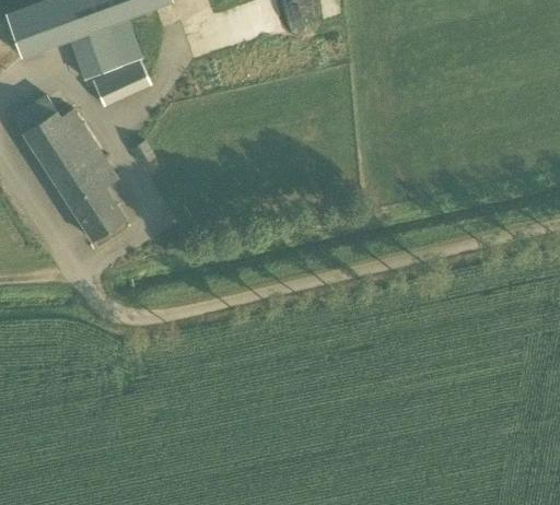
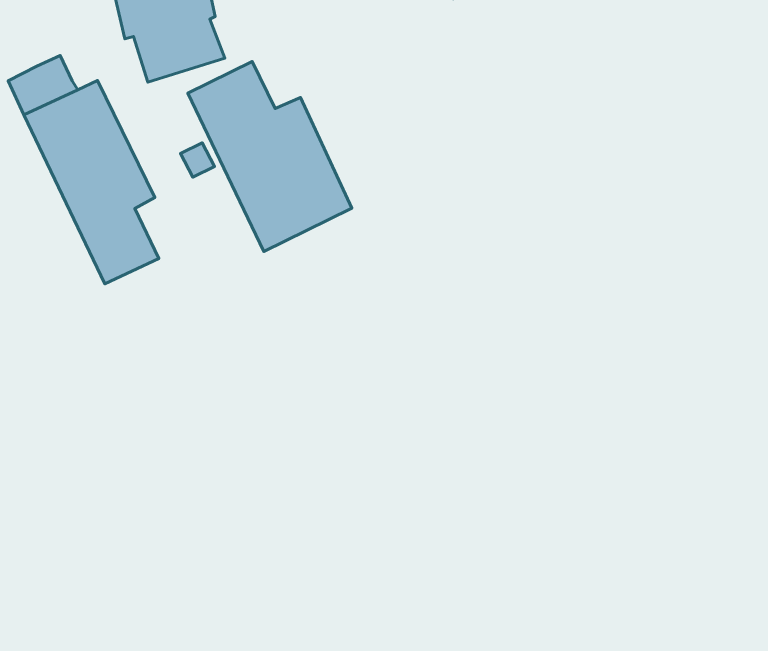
building: none -> [188,62,352,251]

